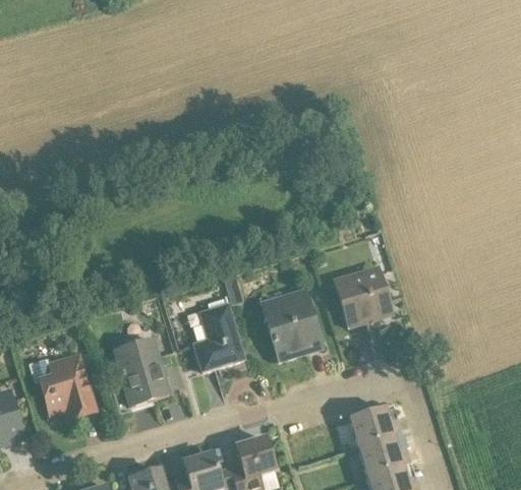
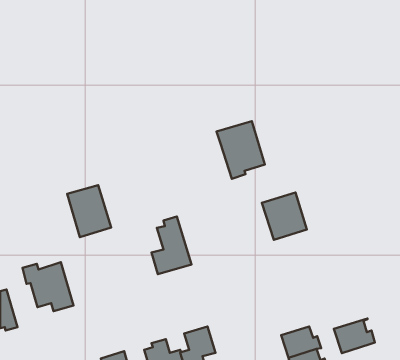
building: [260,288,322,361] -> [217,121,265,179]
building: [115,340,171,406] -> [67,185,111,237]
building: [349,405,401,448] -> [334,319,375,353]

